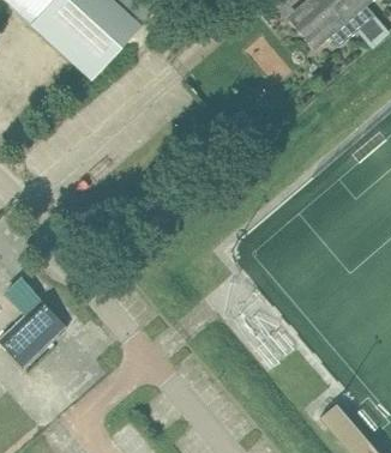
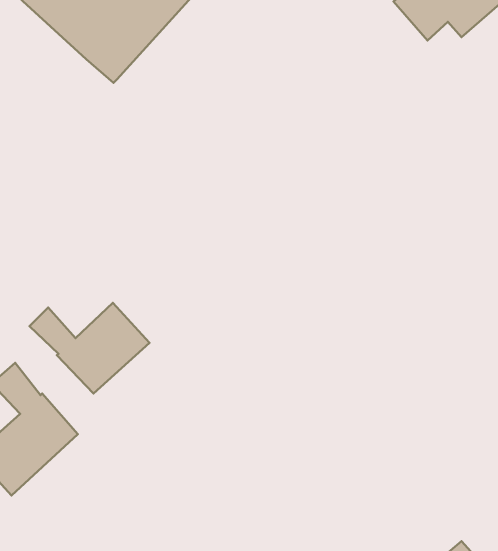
building: none -> [29,303,149,394]

